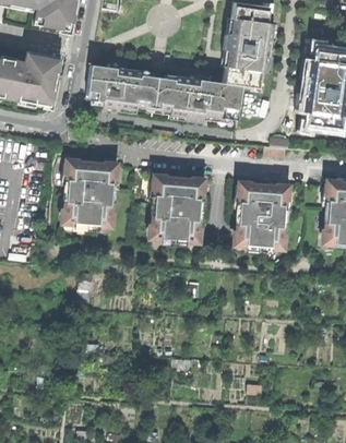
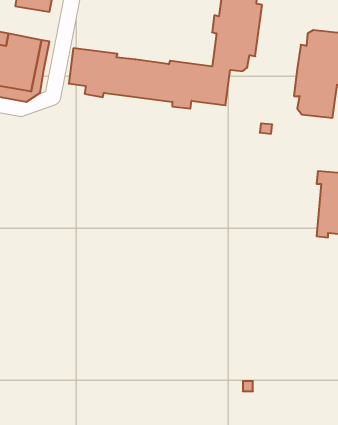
building: [63,160,118,226] -> none
building: [151,176,205,242] -> none
building: [236,182,289,249] -> none

